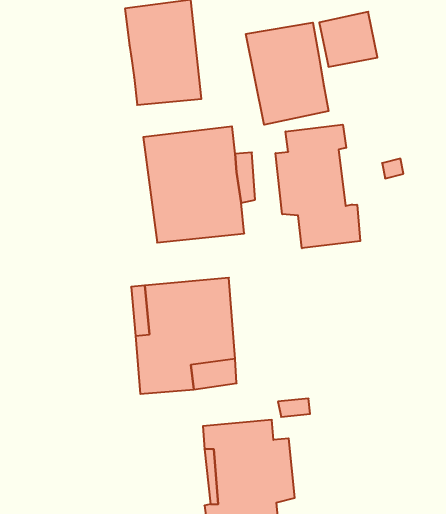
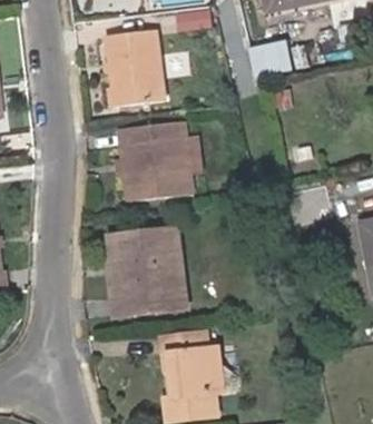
building: [246,23,329,125] -> none
building: [276,125,360,248] -> none

